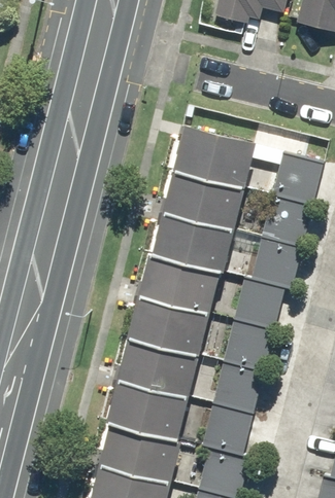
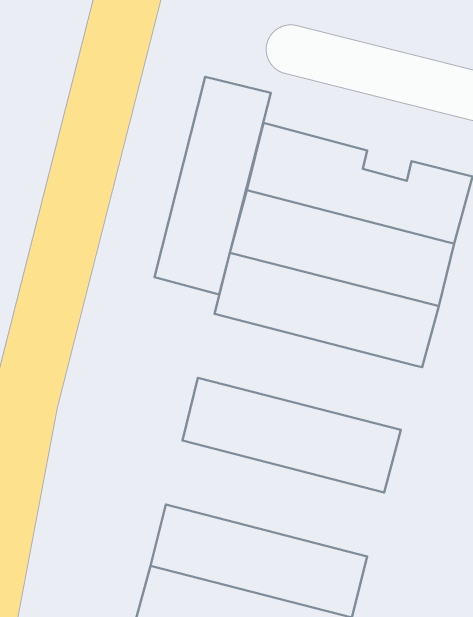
building: none -> [154,77,271,294]
building: [140,252,288,330] -> none
building: [119,337,266,416] -> none

